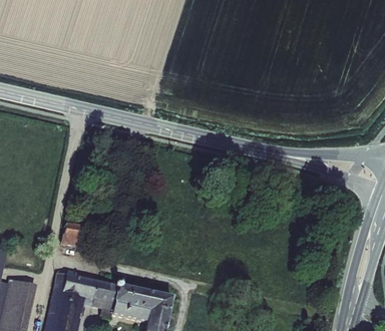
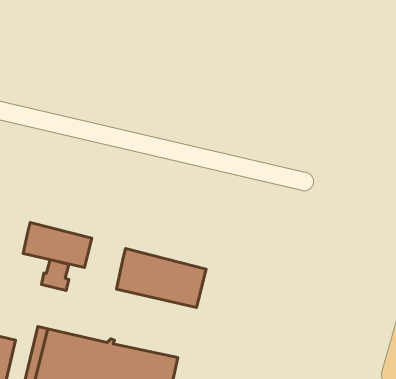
building: none -> [23,222,92,267]
building: none -> [116,249,206,308]

